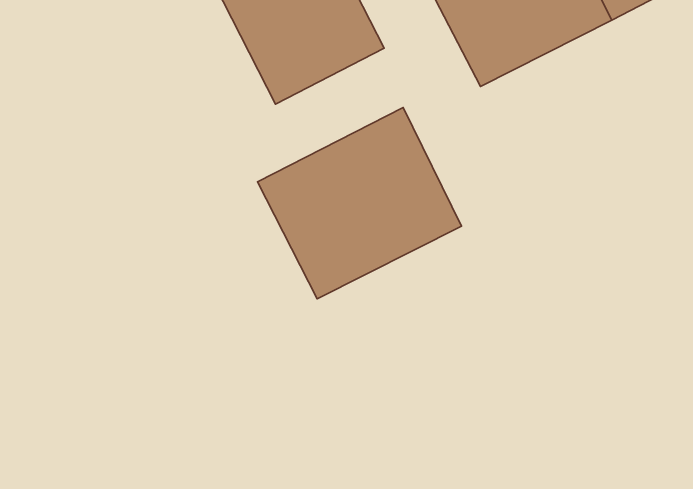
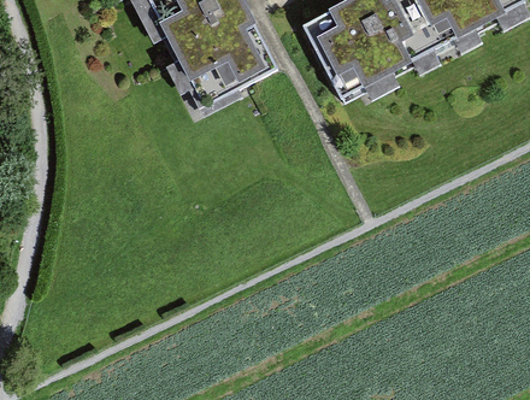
building: [258,108,462,299] -> none

